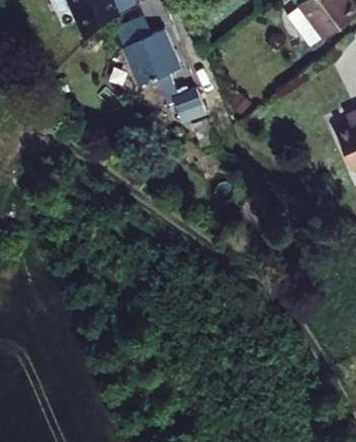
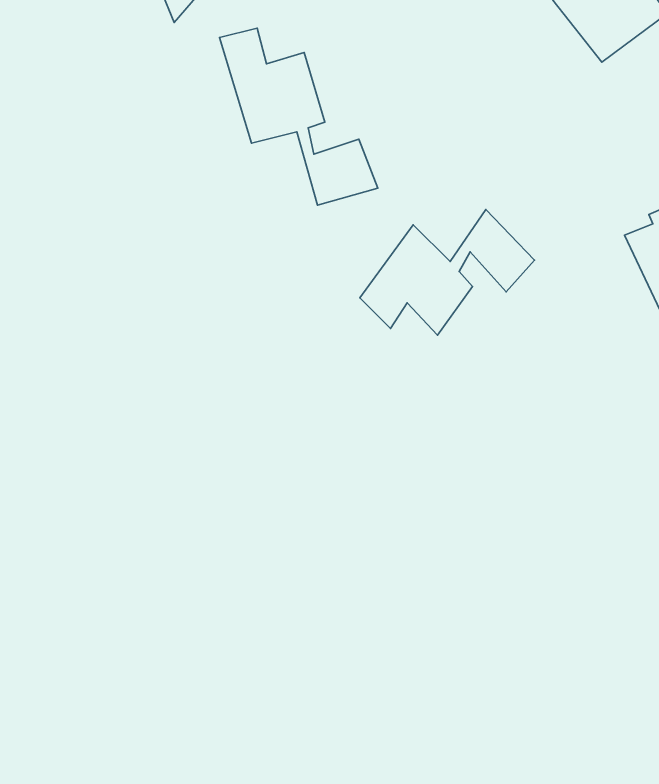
building: none -> [360,210,534,335]

